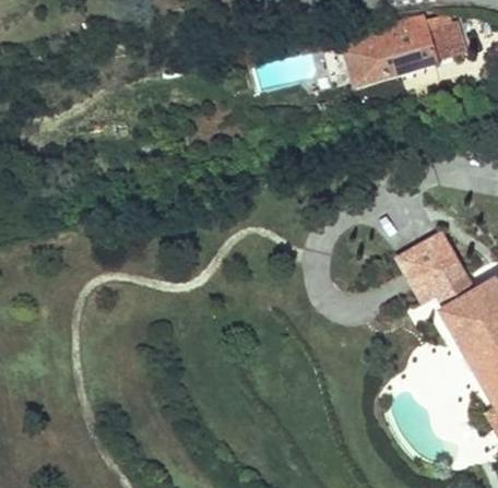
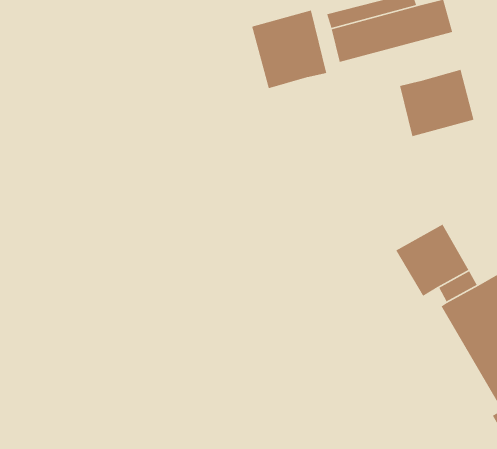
building: none -> [251,9,327,89]
building: none -> [399,69,475,137]

